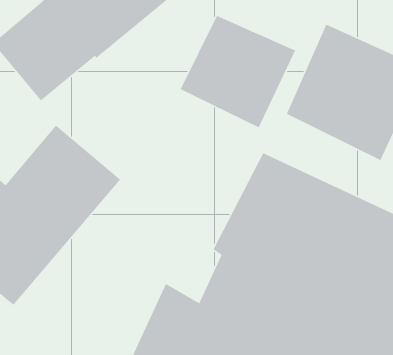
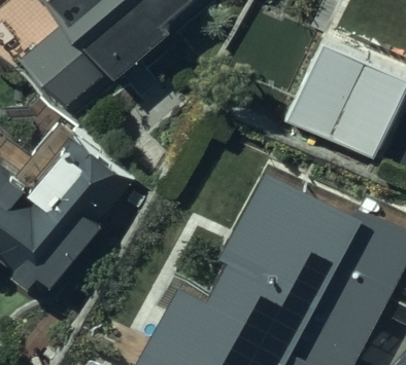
building: [179,15,296,129] -> none

